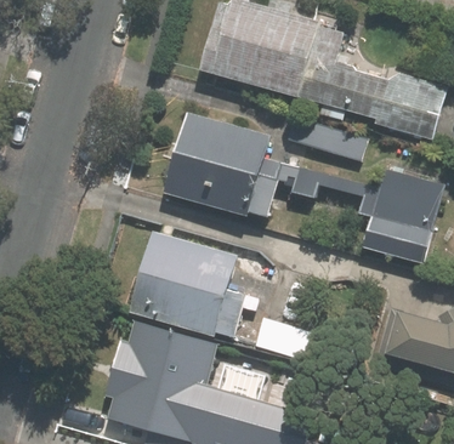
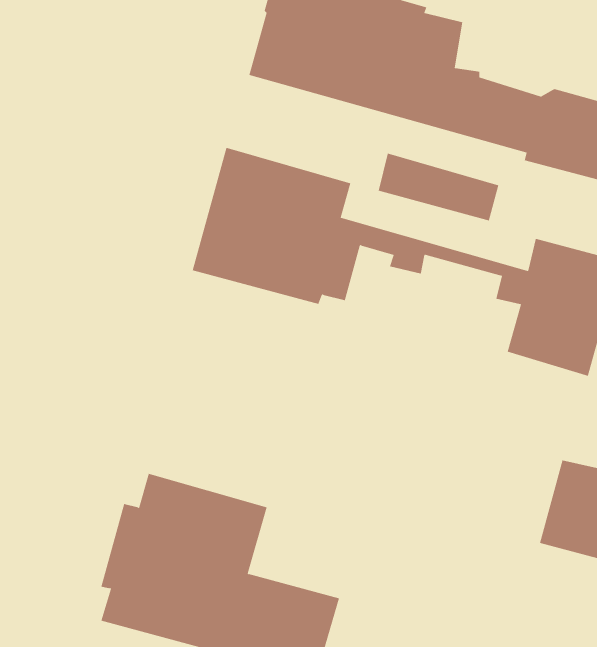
building: [132,234,243,335] -> none

